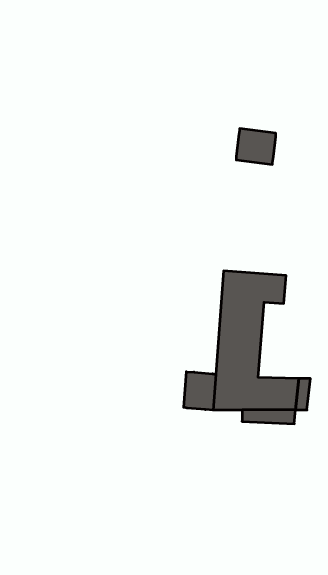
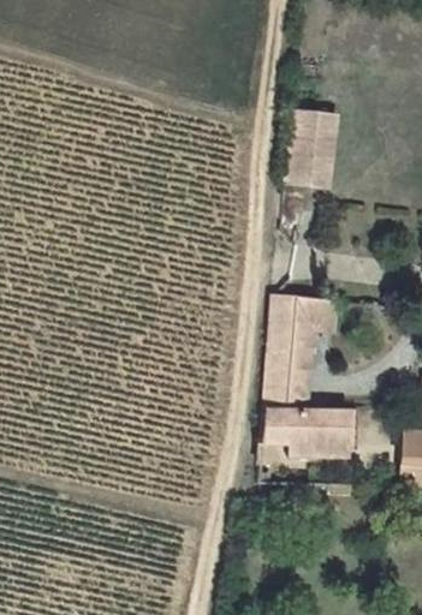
building: none -> [290,111,332,154]
building: [184,372,216,410] -> none

